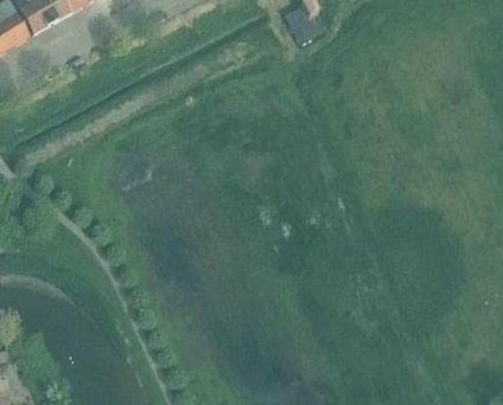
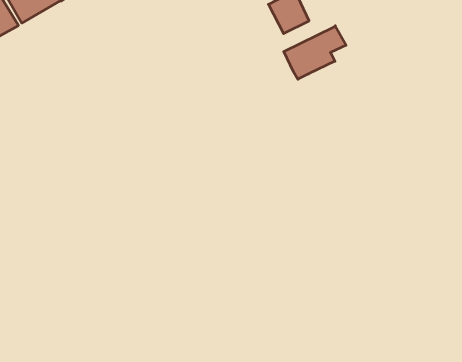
building: none -> [284,26,346,79]

